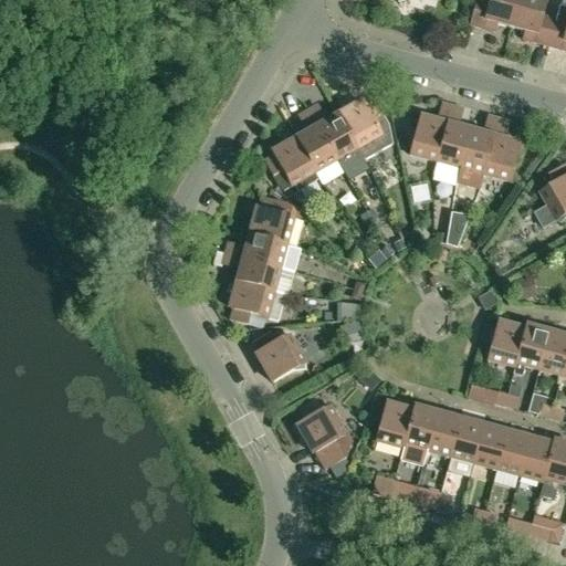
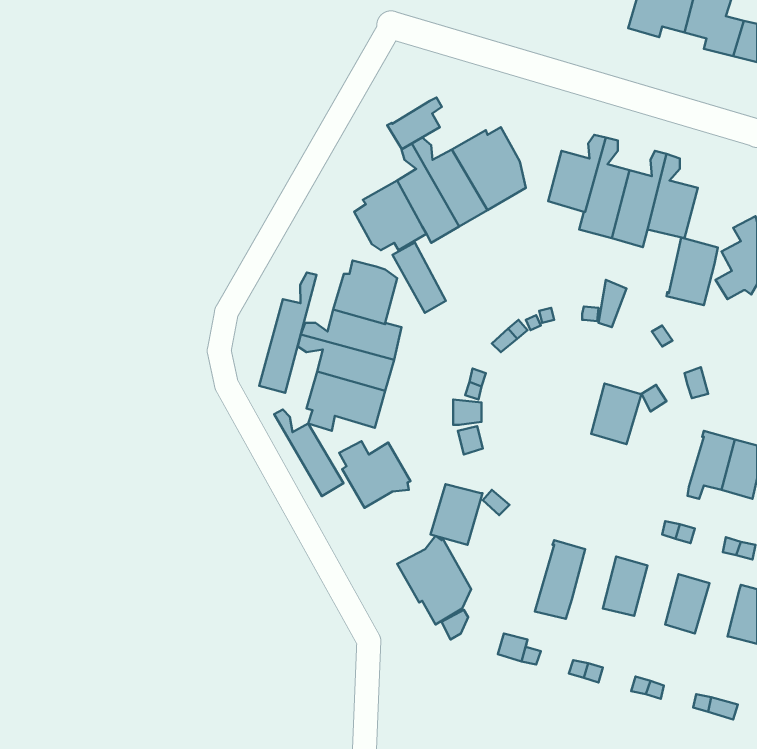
building: none -> [387,98,442,149]
building: none -> [667,238,718,305]
building: none -> [393,243,446,313]
building: none -> [259,272,317,393]
building: none -> [274,409,344,496]
building: [488,318,525,364] -> [591,383,641,444]
building: [375,400,413,446] -> [431,484,482,545]
building: [427,410,460,454] -> none
building: [473,422,506,467] -> none
building: [518,436,552,479] -> none

